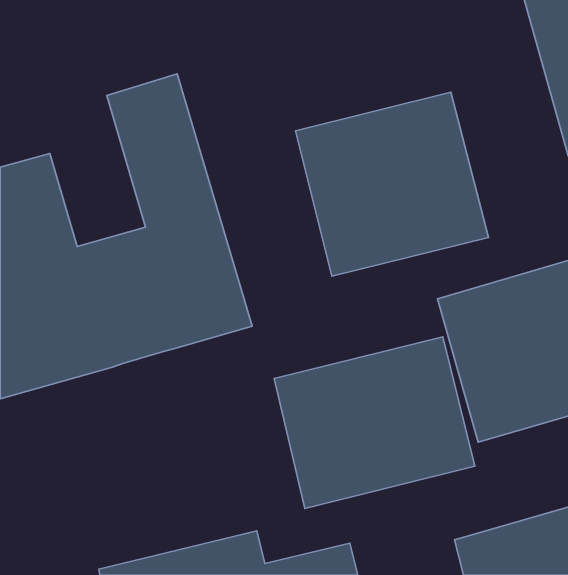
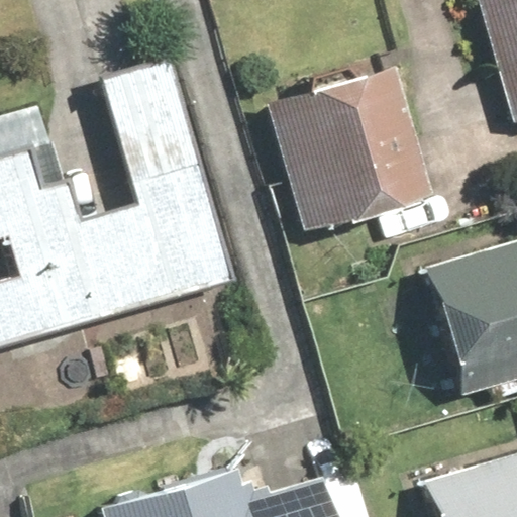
building: [274,337,475,509] -> none

